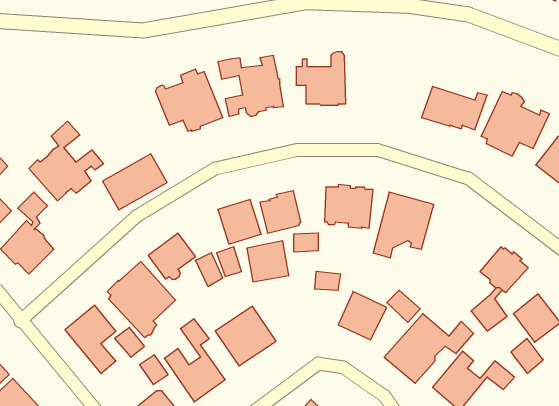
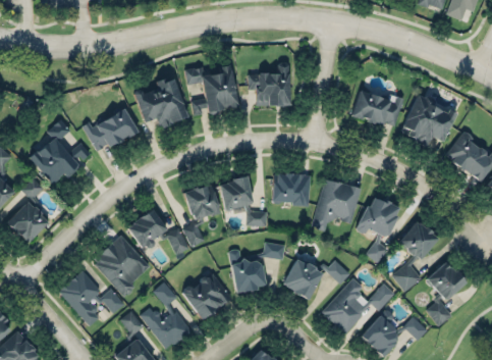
building: [103,154,167,210] -> [85,106,138,152]
building: none -> [357,197,400,262]
building: [247,241,289,282] -> [231,257,266,291]

